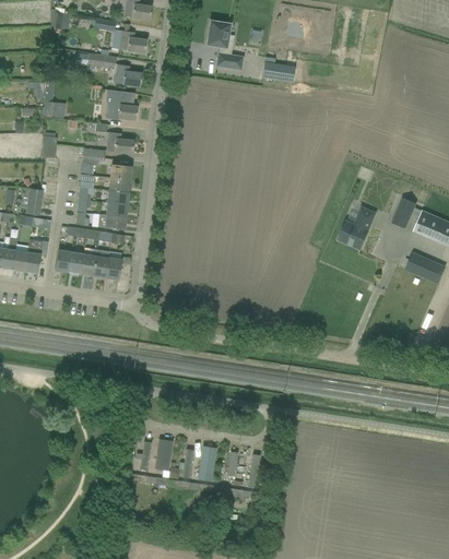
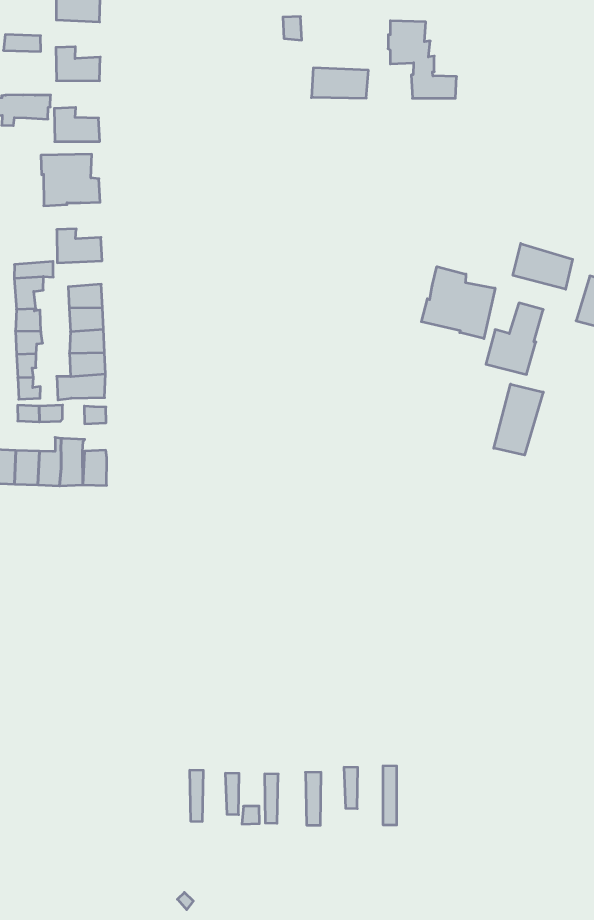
building: [206,21,243,69] -> [388,21,457,98]
building: none -> [513,243,573,289]
building: none -> [421,267,495,339]
building: none -> [494,384,543,455]

